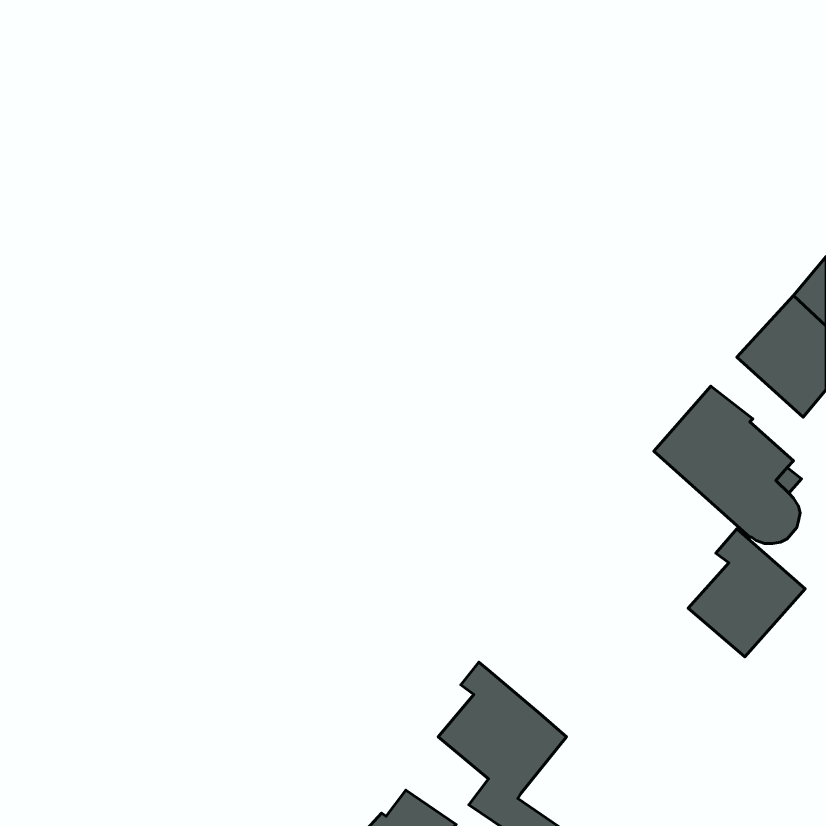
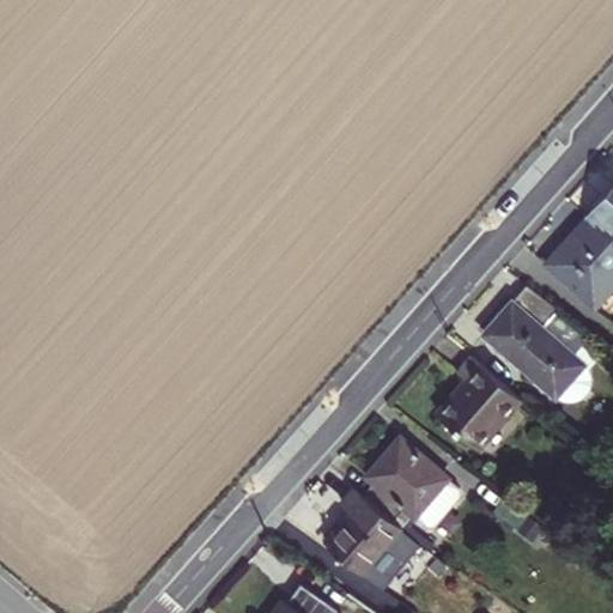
building: [688,529,805,657] -> [435,357,521,451]
building: none -> [360,438,453,529]

